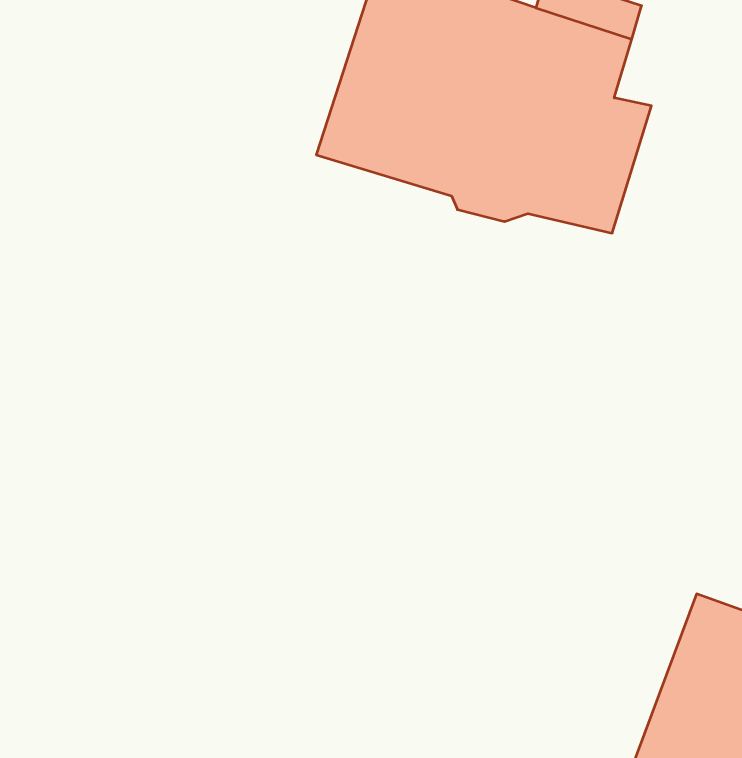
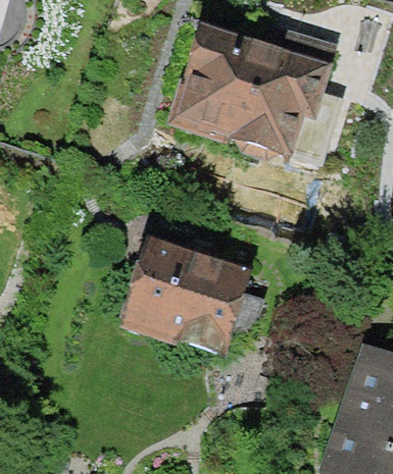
building: none -> [120,236,266,363]

